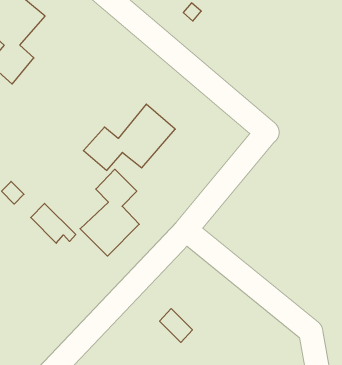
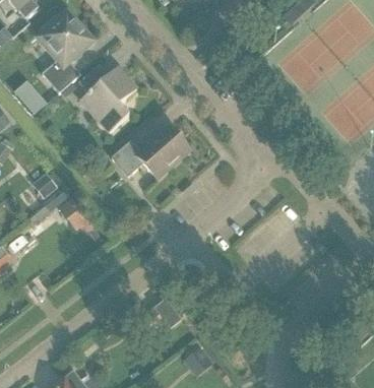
building: none -> [78,63,136,131]
building: [80,169,139,256] -> none

